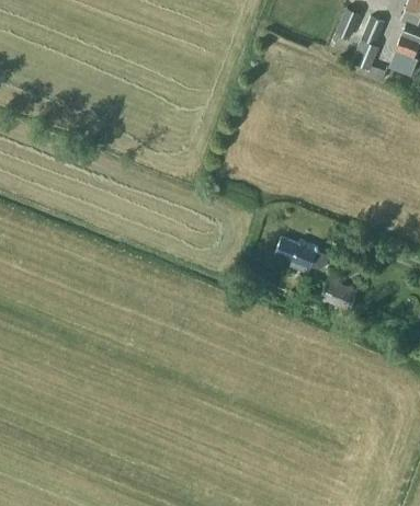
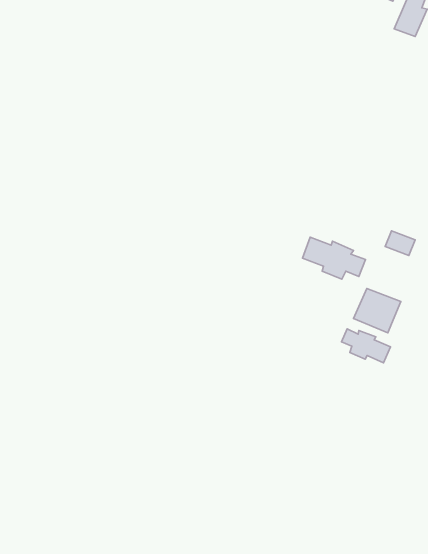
building: none -> [342,329,390,363]

